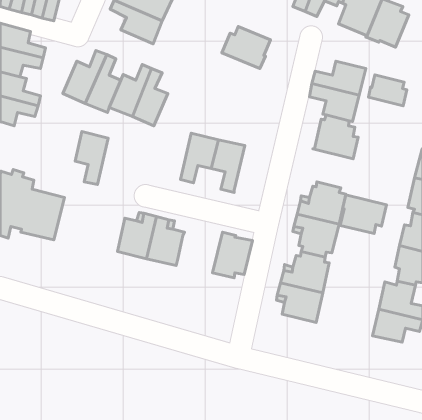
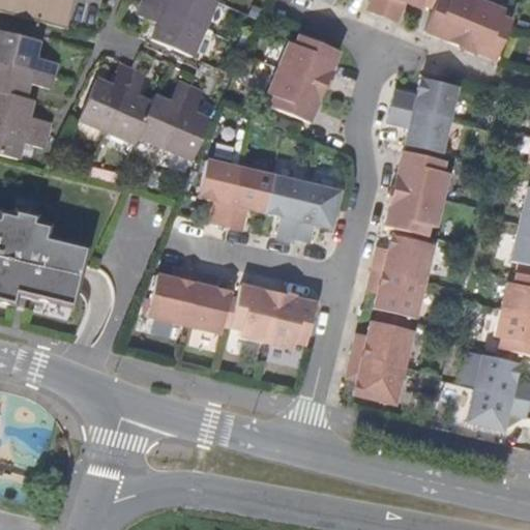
building: none -> [267,66,326,121]
building: [368,75,407,106] -> none
building: [75,132,108,184] -> [199,158,240,225]
building: none -> [294,182,341,241]
building: [340,195,386,234] -> [385,186,443,235]
building: none -> [224,284,279,342]

